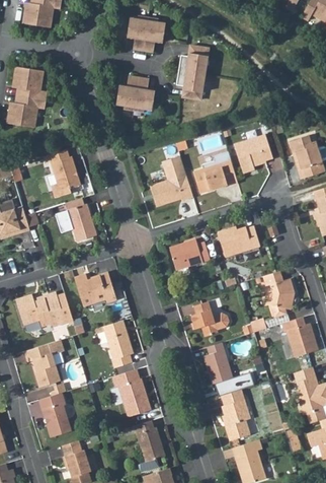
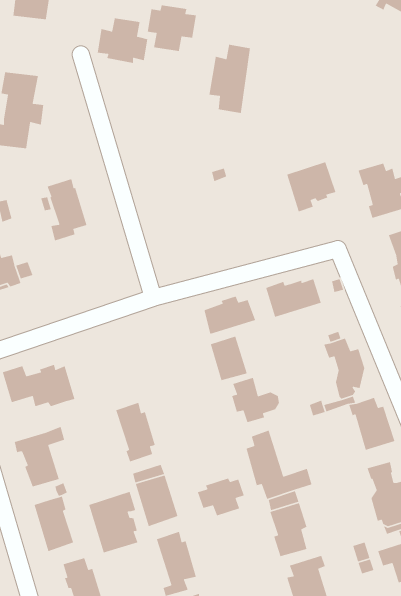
building: [114,75,154,111] -> [97,18,148,64]
building: [193,152,238,194] -> none
building: [150,155,193,207] -> none
building: [56,197,97,241] -> none
building: none -> [210,336,248,381]
building: [73,271,116,306] -> none
building: none -> [197,477,245,517]
building: none -> [88,491,138,554]

